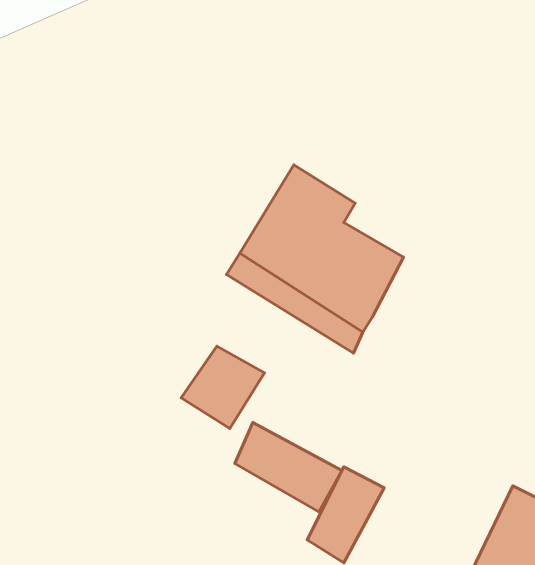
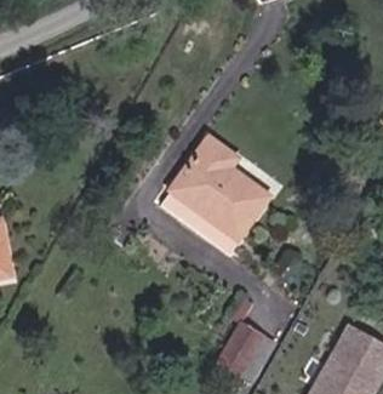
building: [181,346,264,429] -> none
building: [235,423,342,512] -> none

